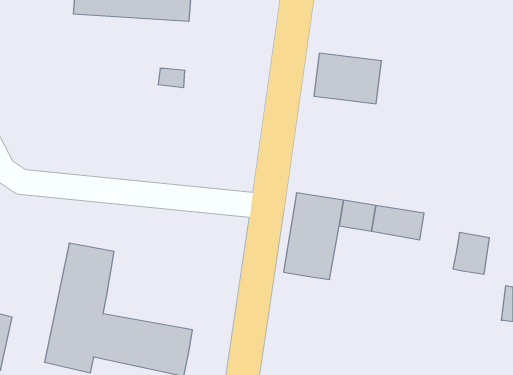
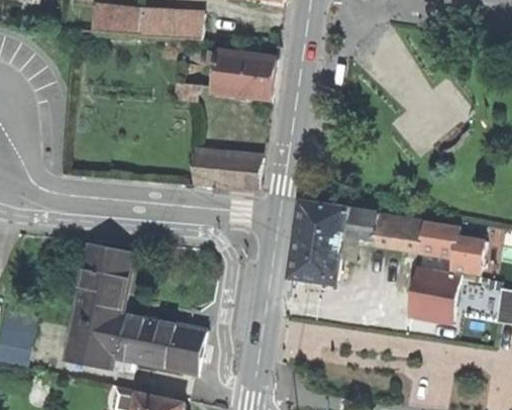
building: [314,53,382,104] -> [212,50,276,98]
building: none -> [193,149,262,190]
building: none -> [417,219,457,257]
building: none -> [408,267,458,323]

